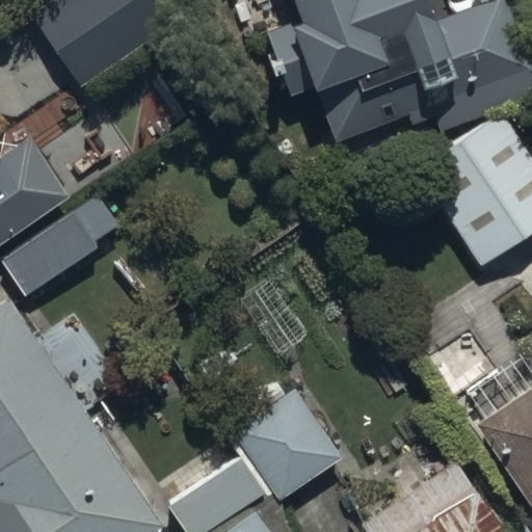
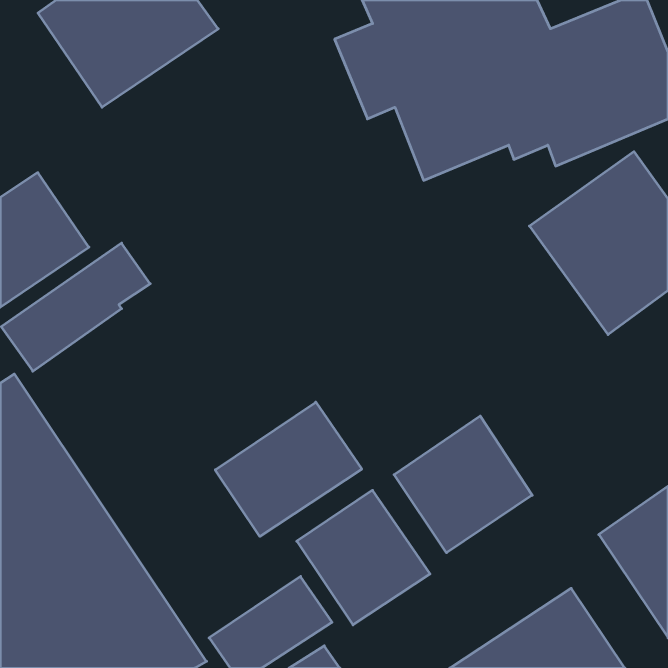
building: none -> [215,402,362,536]
building: none -> [394,416,532,553]

